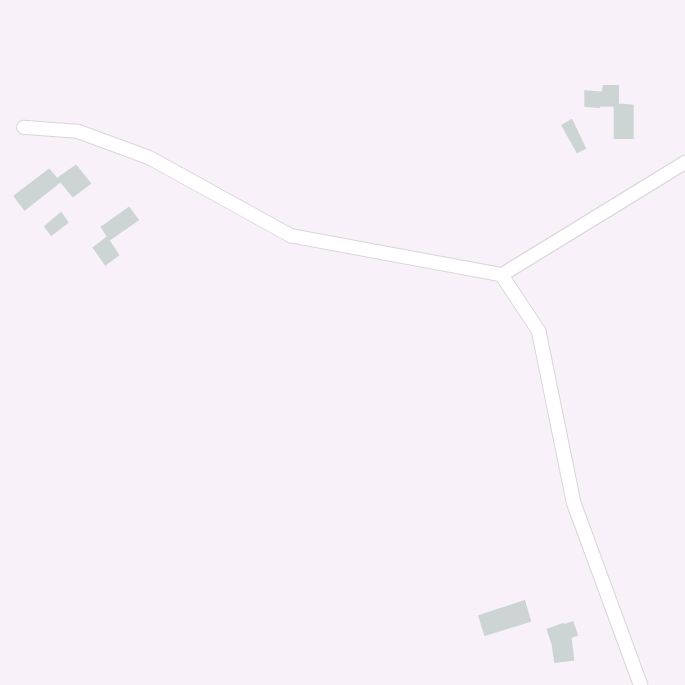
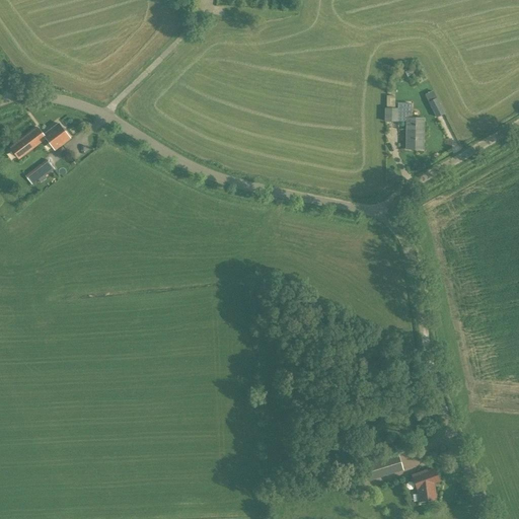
building: [583,84,634,139] -> [384,103,423,145]
building: [91,205,140,267] -> none

